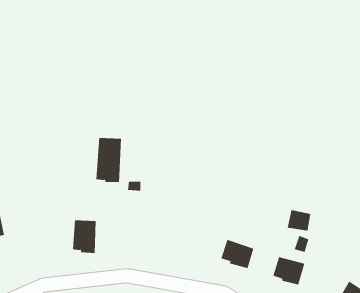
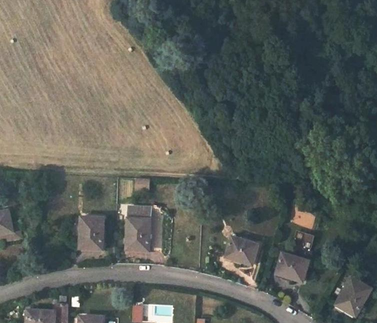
building: [95,138,122,182] -> [126,206,152,250]

